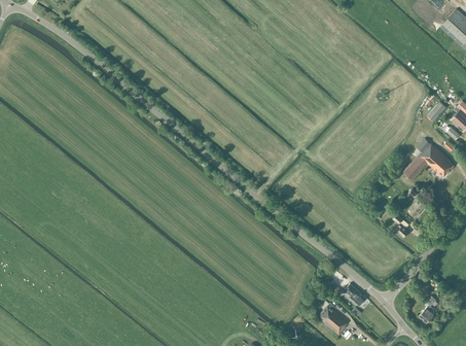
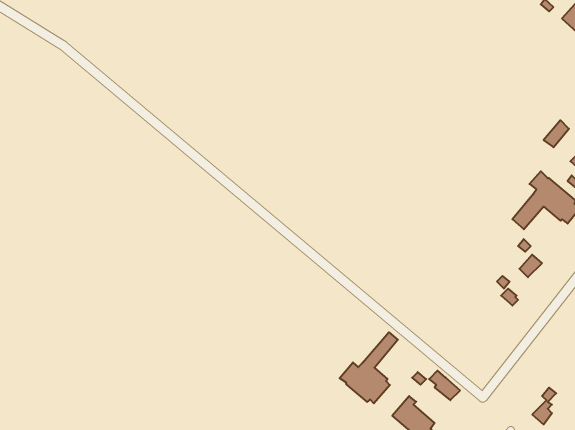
building: none -> [340,332,398,403]

